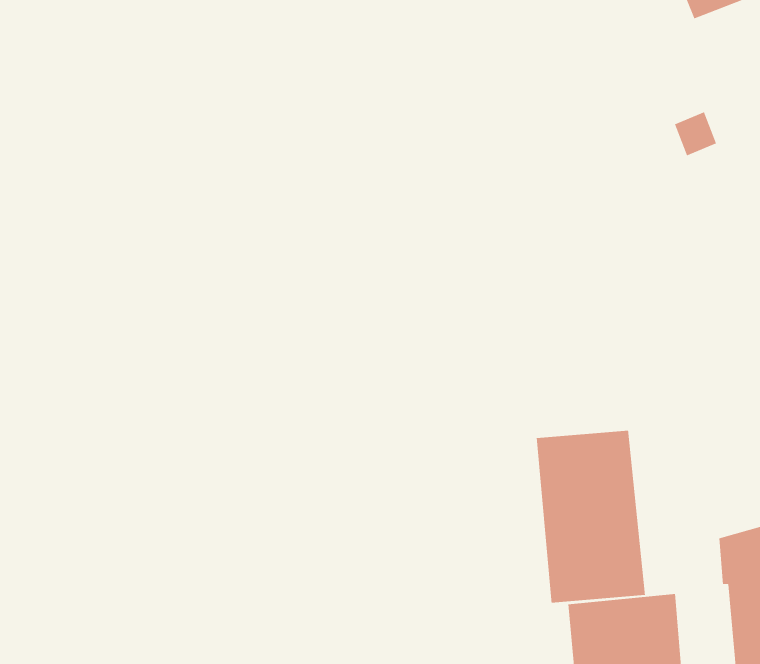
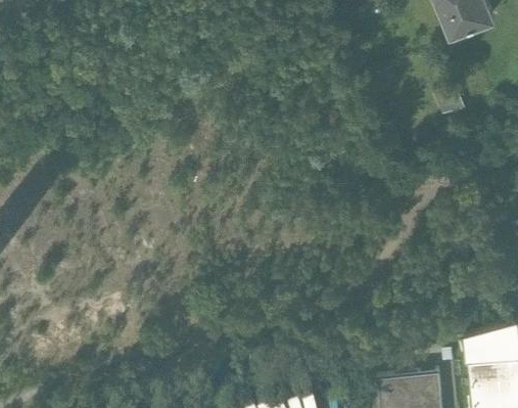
building: [536,430,645,603] -> none

